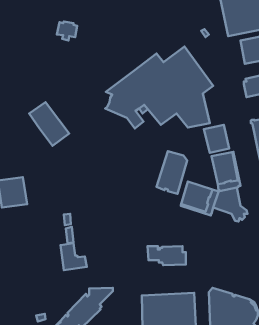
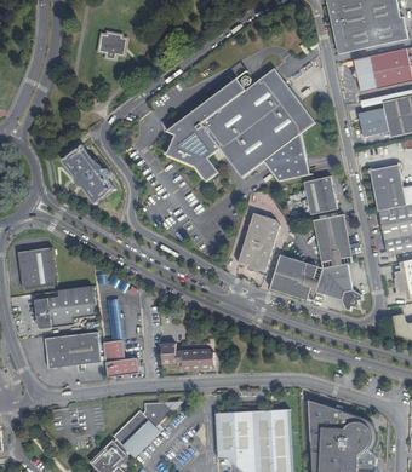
building: none -> [40,286,95,329]
building: none -> [45,332,101,369]
building: [147,246,186,265] -> [161,344,214,370]

